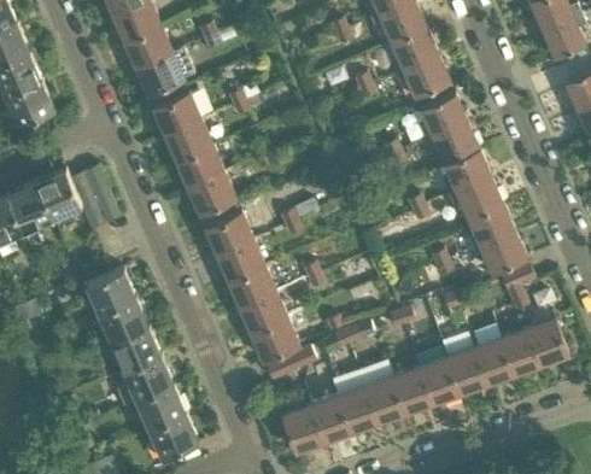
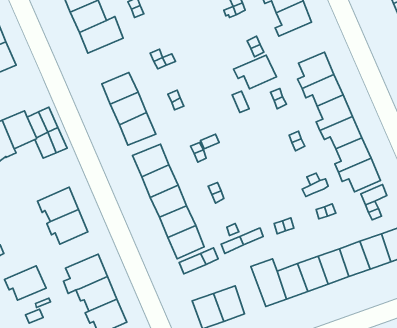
building: [394,54,450,98] -> [234,55,277,89]
building: [153,92,200,134] -> none
building: [106,326,160,370] -> [4,266,46,300]
building: [332,370,378,432] -> none

